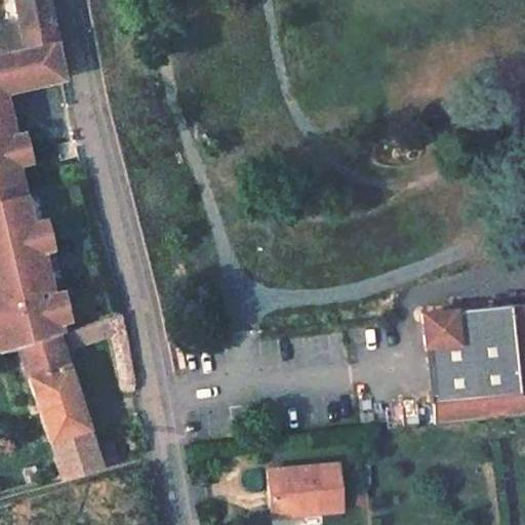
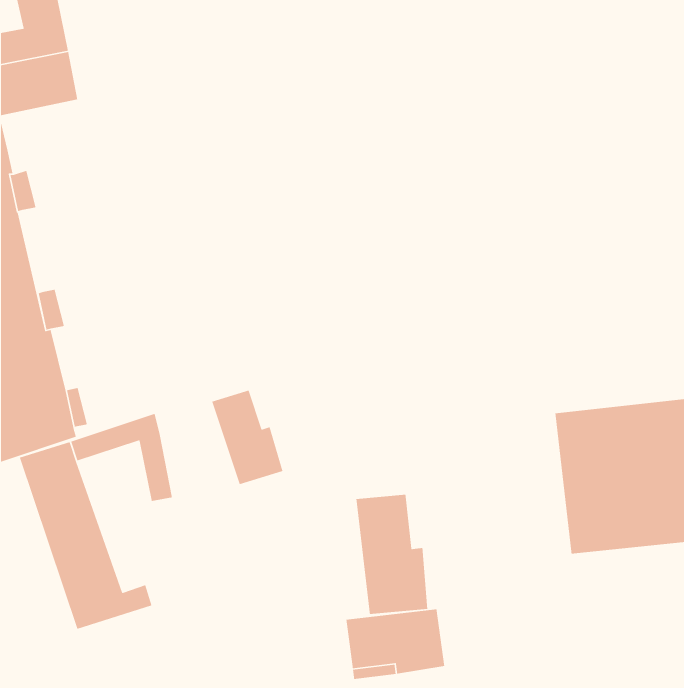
building: none -> [211,389,283,485]
building: none -> [355,494,428,615]

